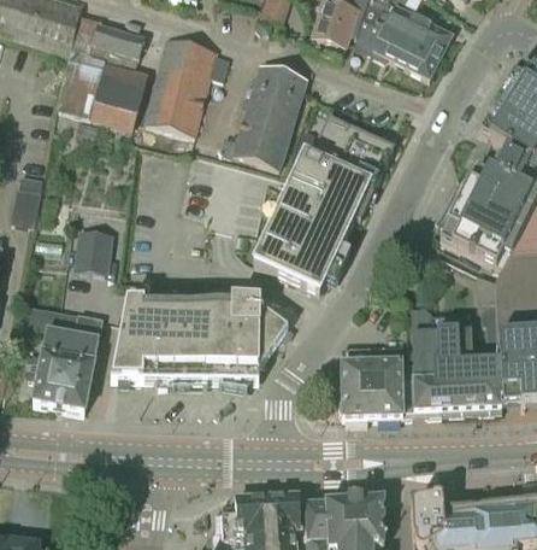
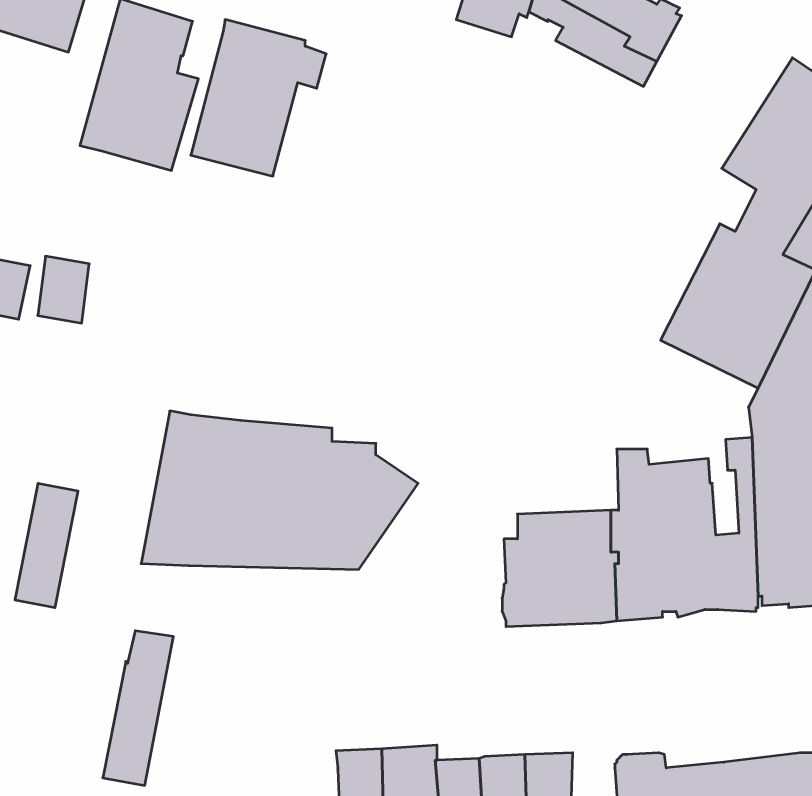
building: [231,65,307,170] -> none
building: [253,117,394,296] -> none
building: [77,230,110,273] -> [38,256,89,323]
building: [58,315,102,412] -> [103,631,173,785]

